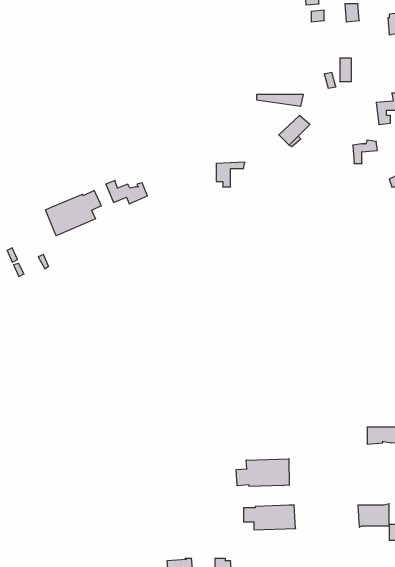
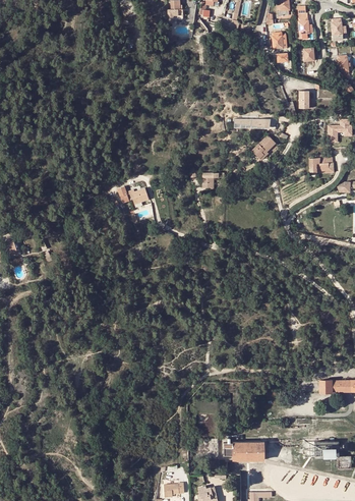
building: [46,190,101,236] -> none
building: [236,459,289,486] -> none

